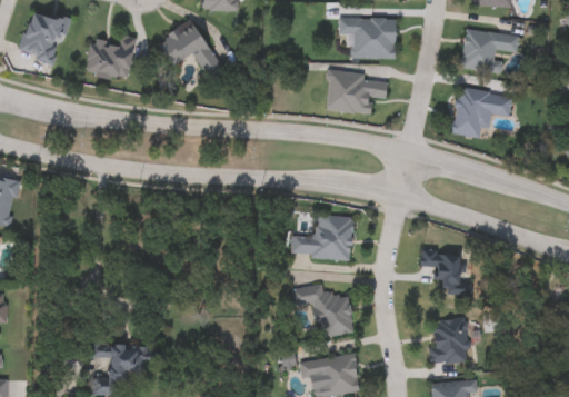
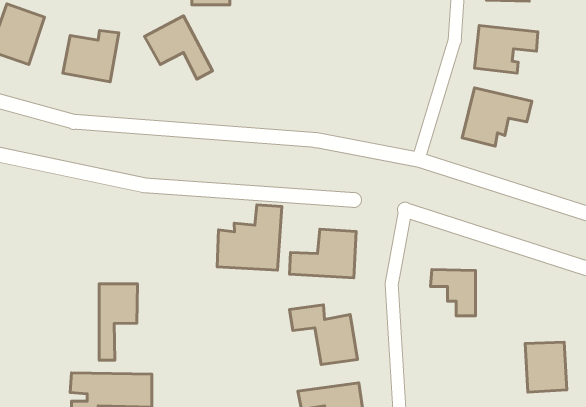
building: [339,17,396,58] -> none
building: [326,71,387,113] -> none
building: none -> [217,205,282,270]
building: none -> [99,284,138,360]
building: [430,319,468,365] -> [525,342,567,392]

